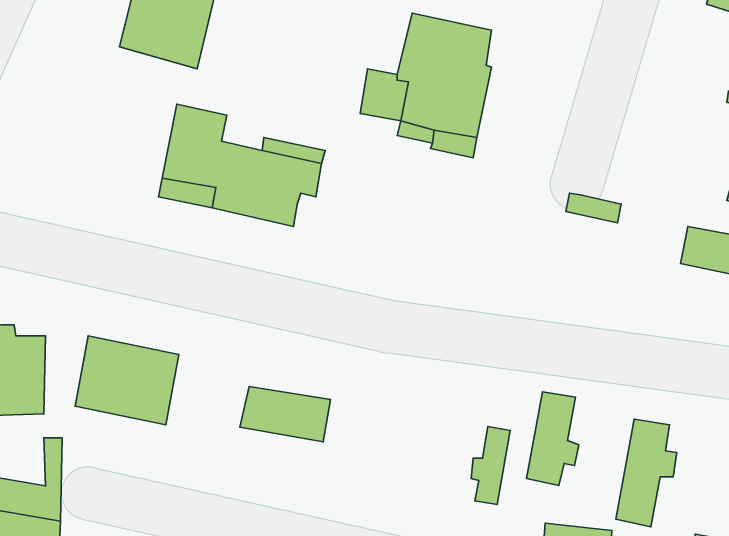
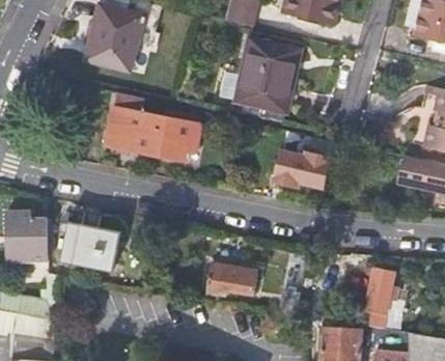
building: none -> [270,147,329,192]
building: [240,386,331,442] -> [206,263,257,295]
building: [526,392,579,485] -> none

